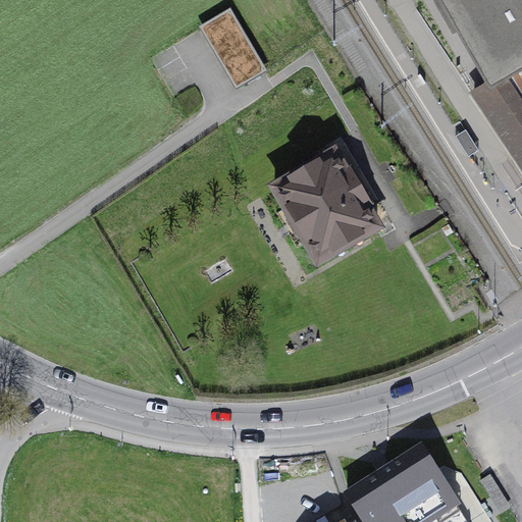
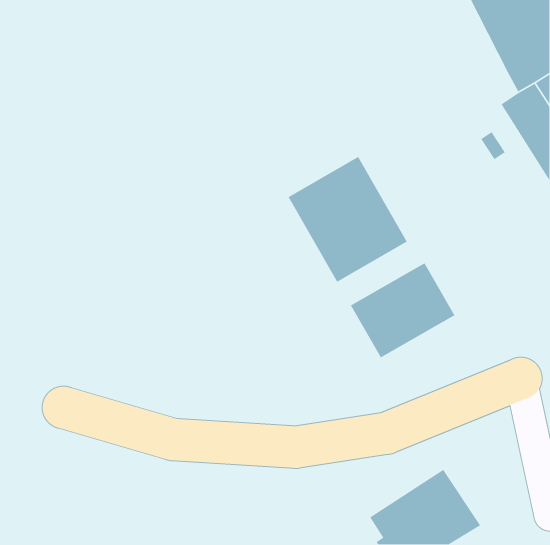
building: [206,4,264,82] -> none
building: none -> [350,262,456,358]

